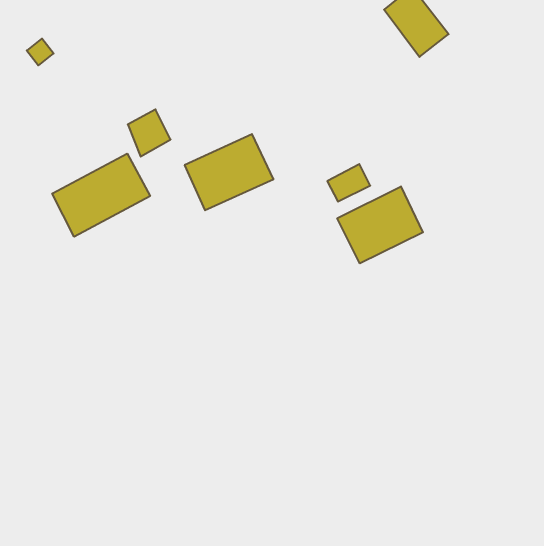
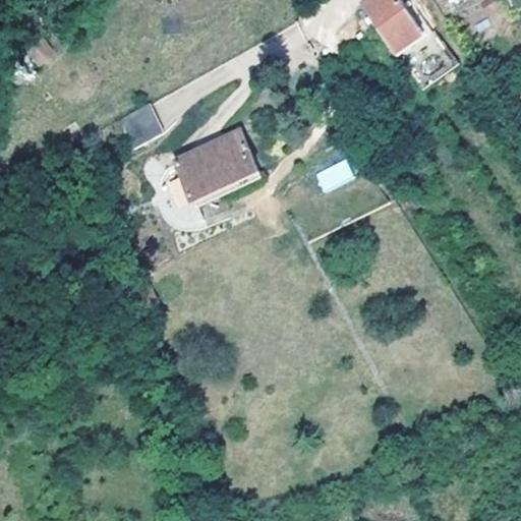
building: [52,154,150,237] -> none
building: [337,186,423,263] -> none

